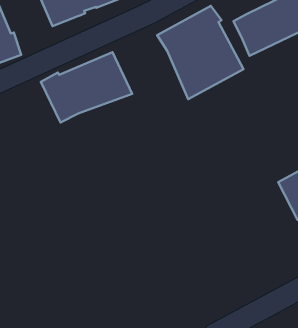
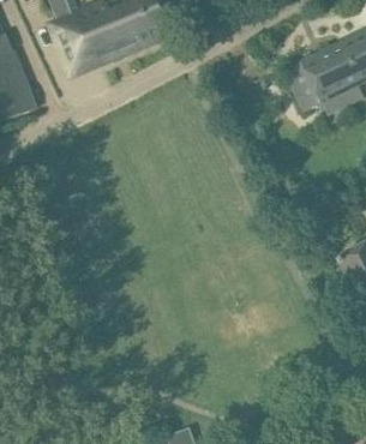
building: [157,6,243,99] -> none
building: [41,52,132,122] -> none

